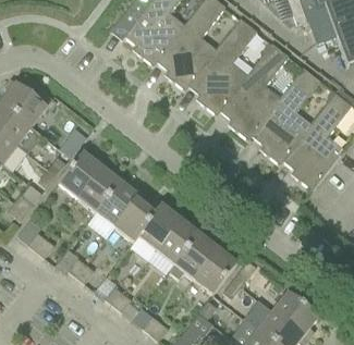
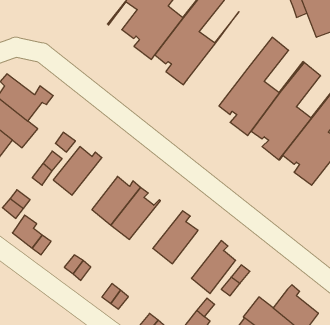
building: [188,19,272,115] -> none
building: [75,162,120,213] -> none
building: [132,205,184,251] -> none
building: [169,234,222,281] -> none

